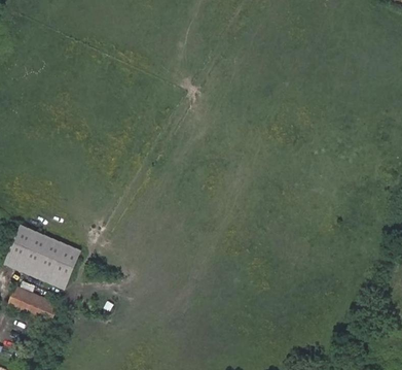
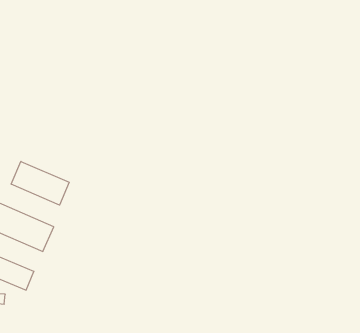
building: none -> [11,161,69,205]

